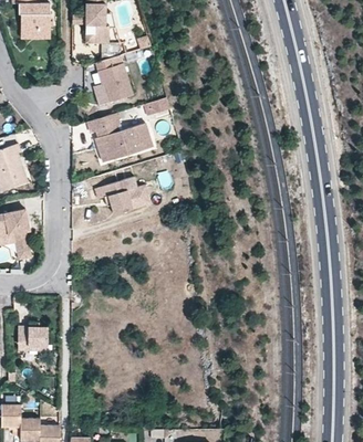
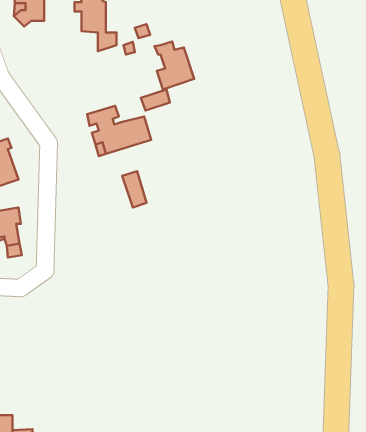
building: [96,57,134,103] -> [155,42,194,89]
building: [95,179,135,214] -> none
building: [18,326,46,350] -> none

